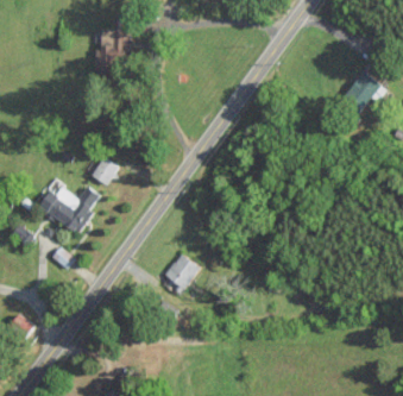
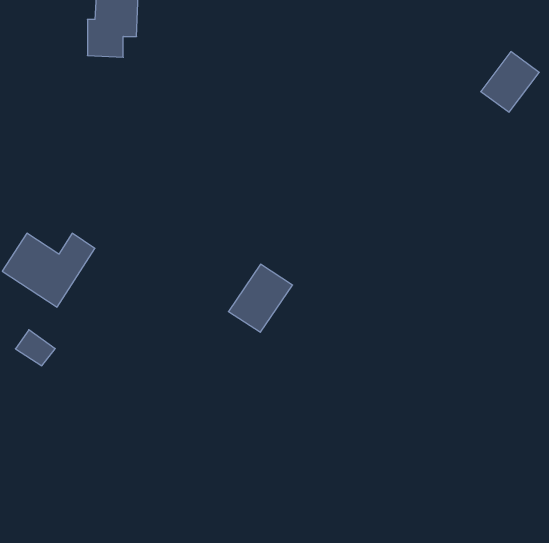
building: [84,157,119,186] -> none
building: [159,253,200,296] -> [228,264,293,332]

